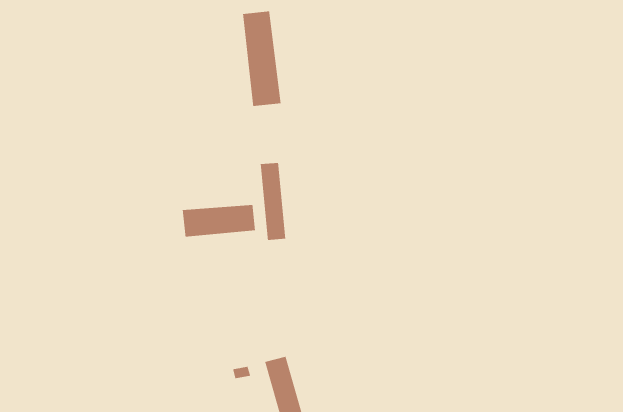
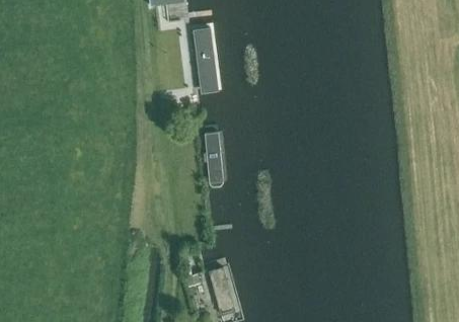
building: [182,204,256,237] -> none

